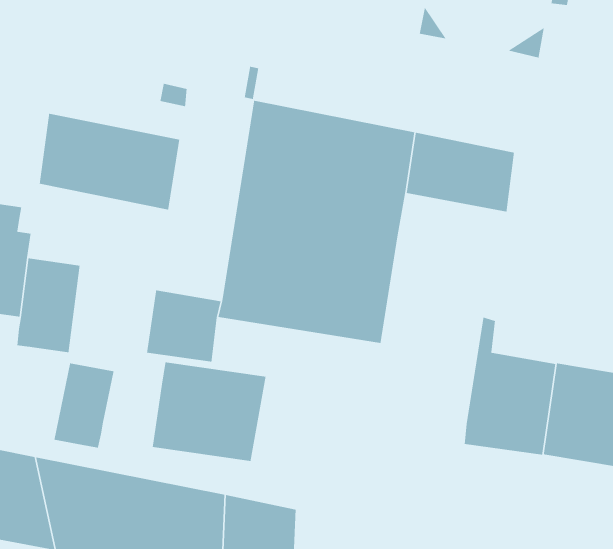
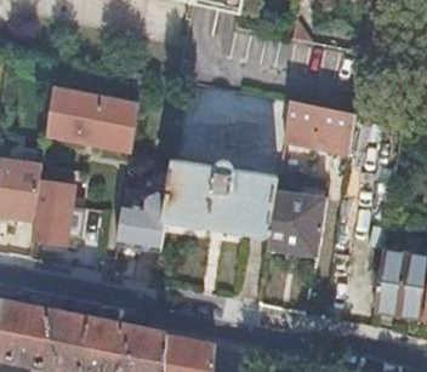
building: [464,317,556,456] -> [267,168,326,258]
building: [152,361,267,462] -> none
building: [54,362,114,449] -> none

